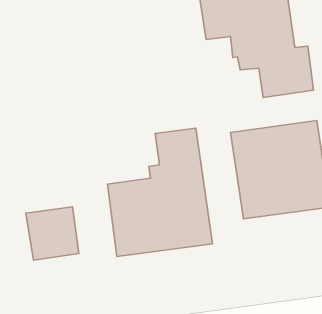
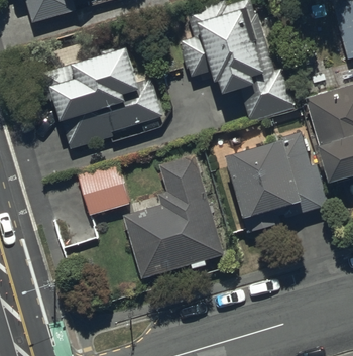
building: none -> [52,53,160,147]
building: [26,207,79,260] -> [76,162,128,215]

